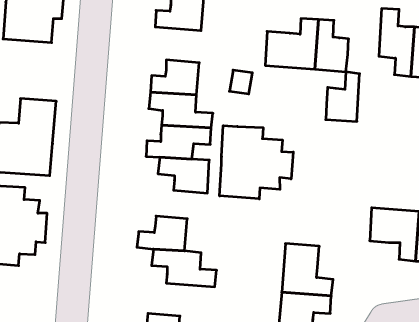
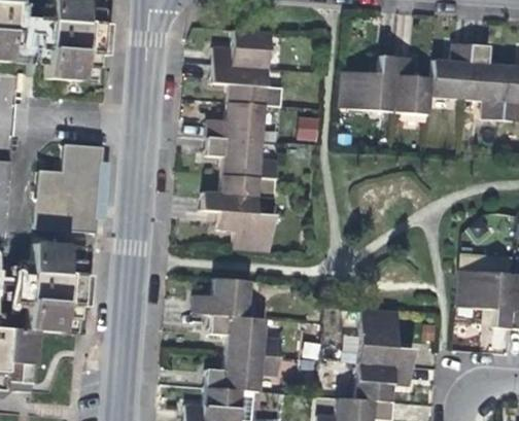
building: none -> [213,65,284,106]
building: [326,72,360,121] -> [430,42,469,98]
building: [220,126,293,199] -> none
building: none -> [206,352,281,390]

